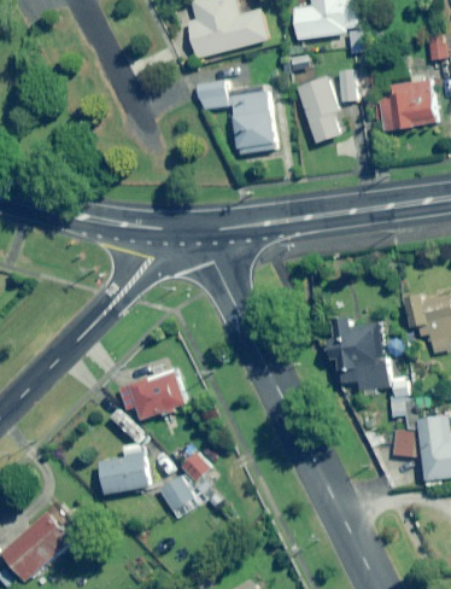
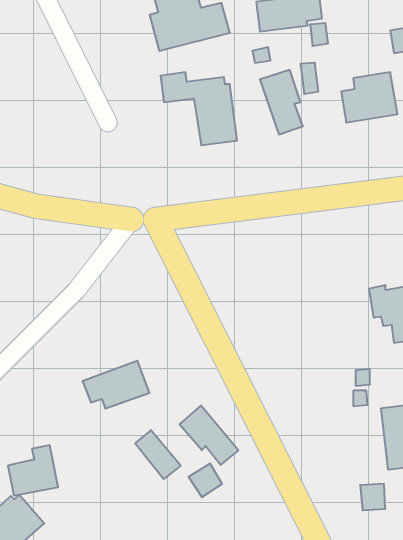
building: [329,316,386,390] -> none
building: none -> [180,405,238,465]
building: [391,430,416,456] -> [360,484,385,510]
building: [99,443,150,494] -> [8,445,58,496]
building: [158,476,192,509] -> [189,464,222,497]

